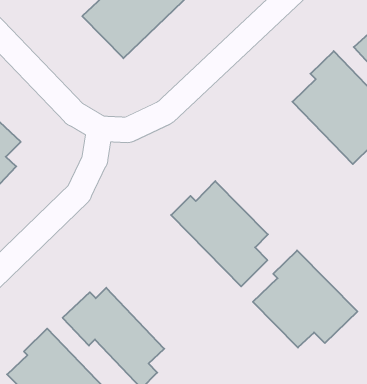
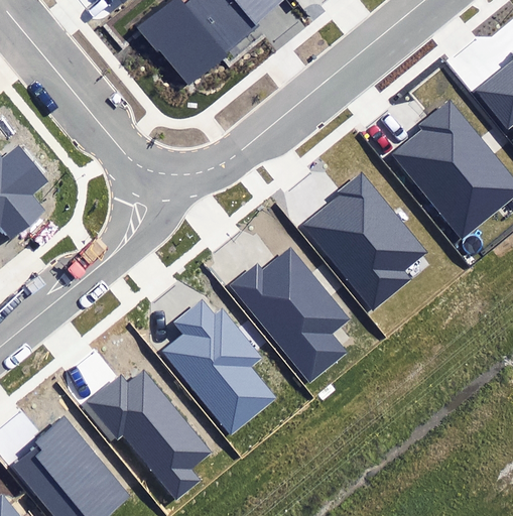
building: none -> [299,168,434,314]
building: none -> [161,298,273,434]
building: [253,250,357,348] -> none

